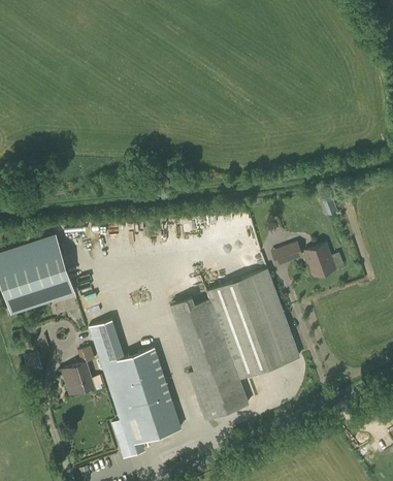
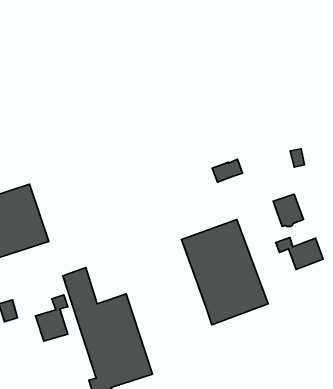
building: [272,244,303,267] -> [212,159,242,182]
building: none -> [276,238,323,270]
building: [169,291,250,421] -> none

